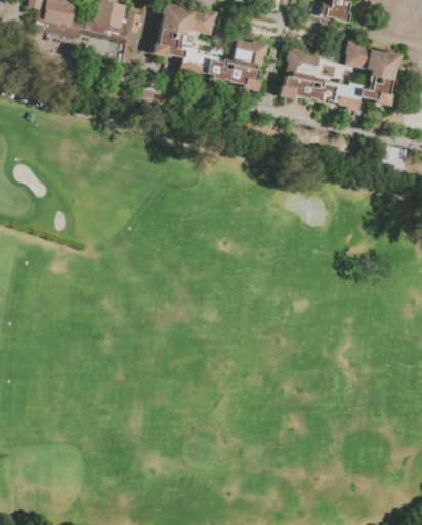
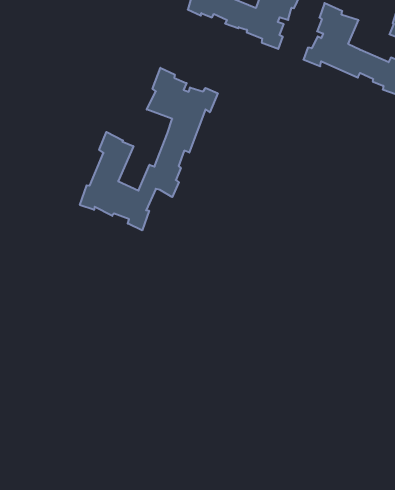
building: none -> [80,68,218,230]

